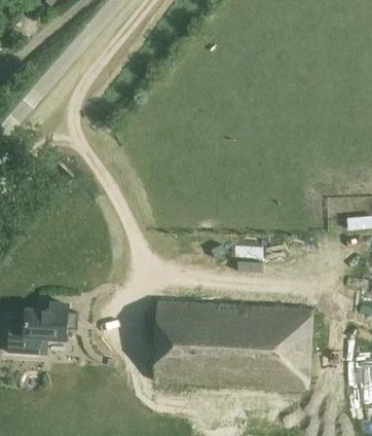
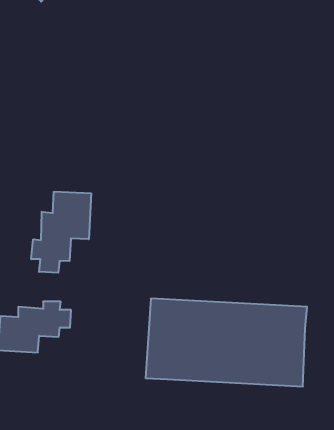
building: none -> [31,192,91,273]

